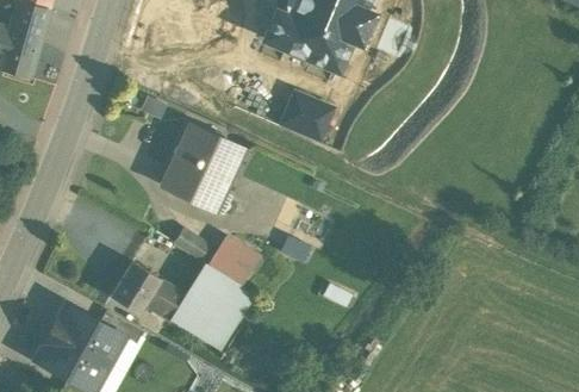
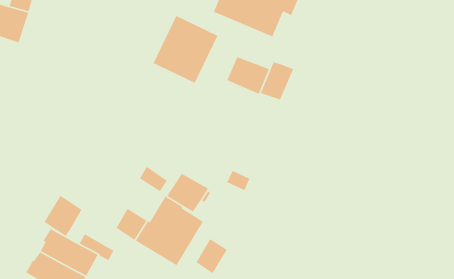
building: none -> [260,61,294,100]
building: [161,125,242,210] -> [152,15,219,84]
building: [112,262,160,313] -> [44,195,82,237]
building: none -> [195,238,228,274]

